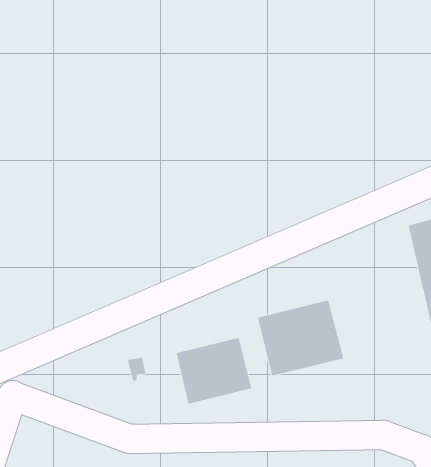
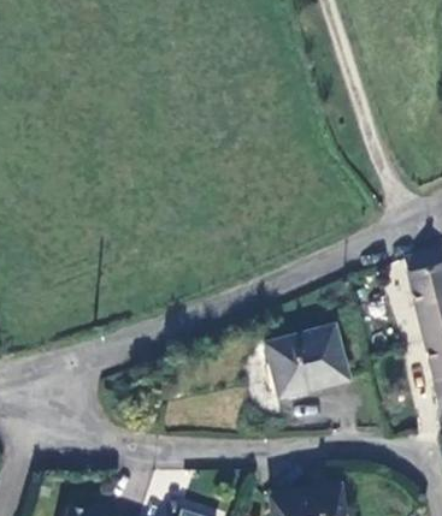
building: [176,337,252,404] -> none

